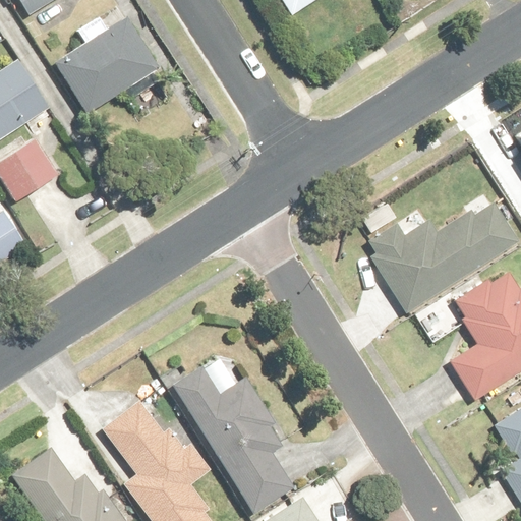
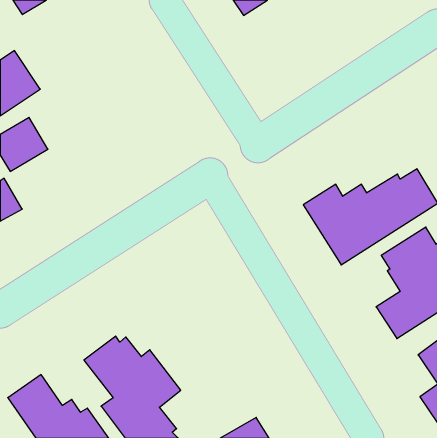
building: [54,17,159,114] -> none
building: [171,353,293,514] -> none

